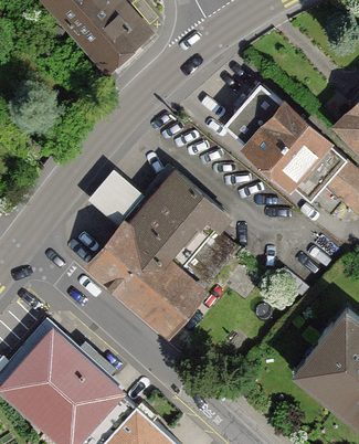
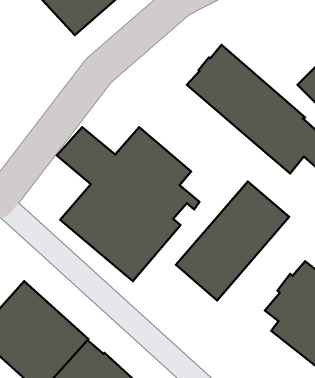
building: none -> [176,181,289,300]

